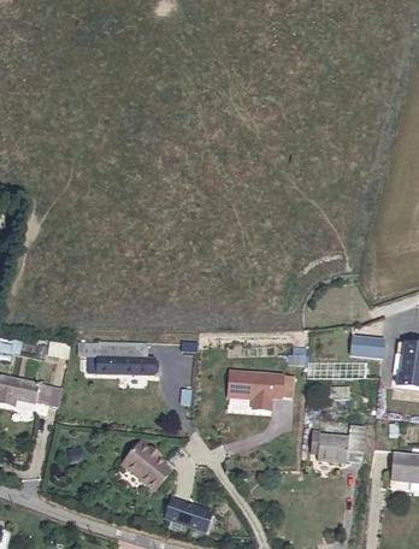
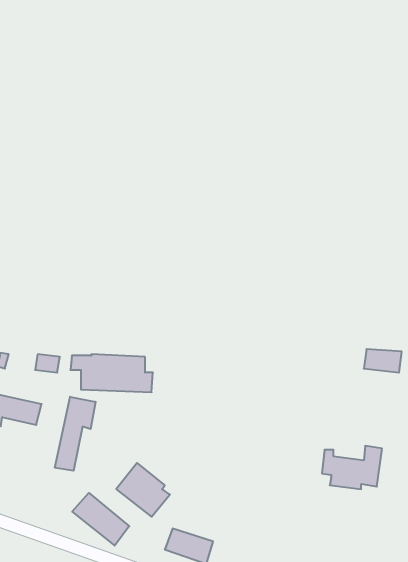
building: [228,368,283,408] -> none
building: none -> [55,397,96,471]
building: none -> [72,493,129,546]

